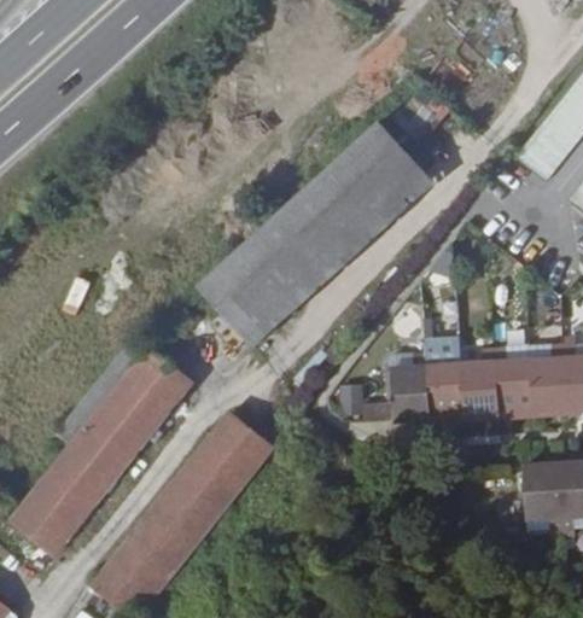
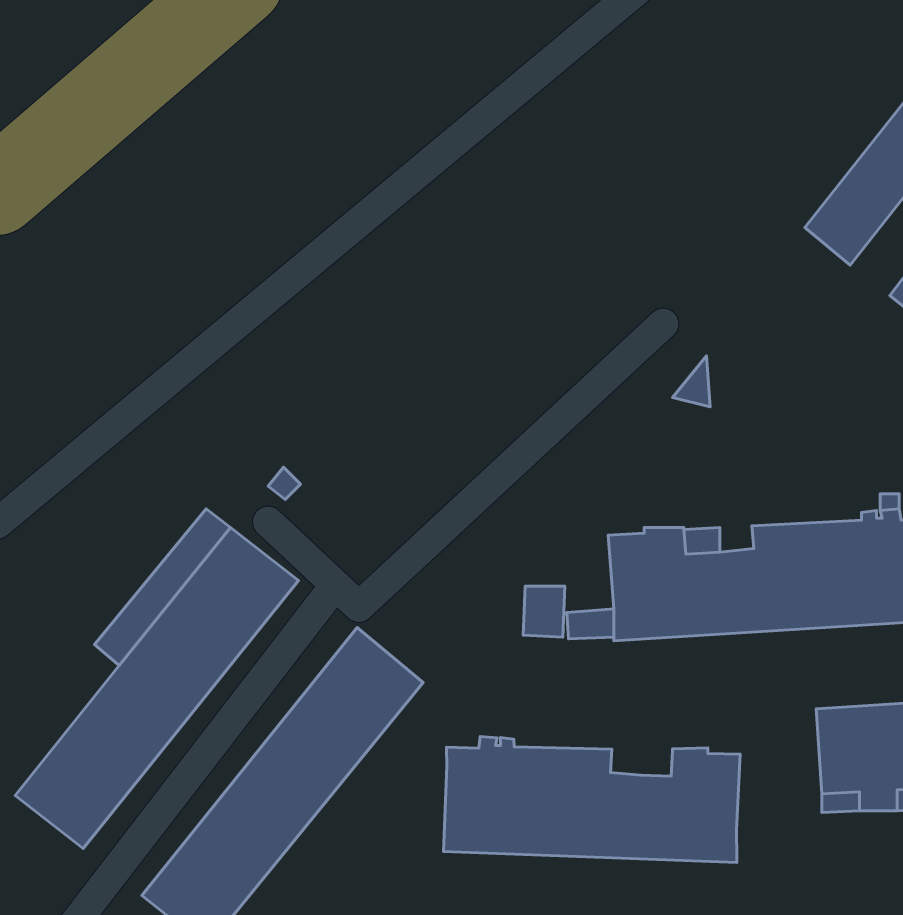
building: [202,122,435,345] -> none
building: none -> [443,736,740,862]

